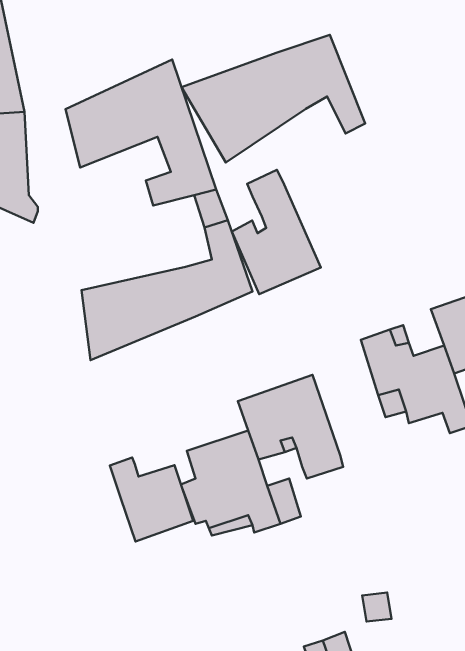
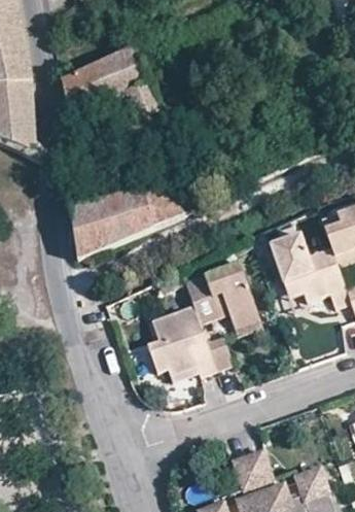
building: [182,35,365,162] -> none
building: [232,170,321,294] -> none
building: [110,458,193,541] -> none

